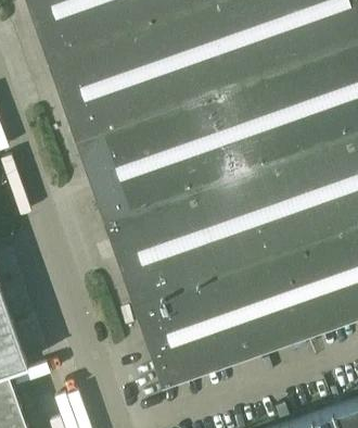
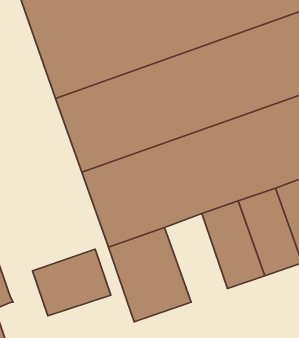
building: [196,269,266,367] -> none
building: none -> [32,249,111,316]

